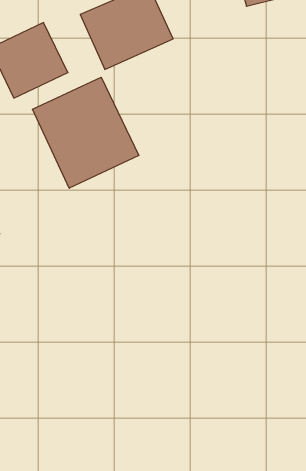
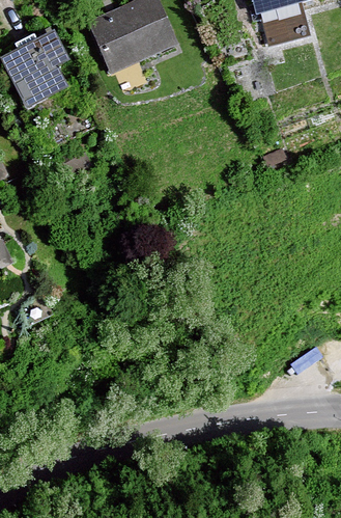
building: [32,77,139,188] -> none

